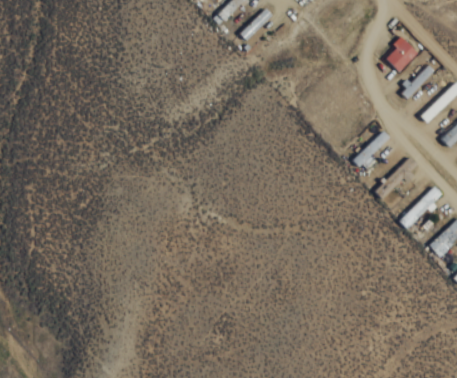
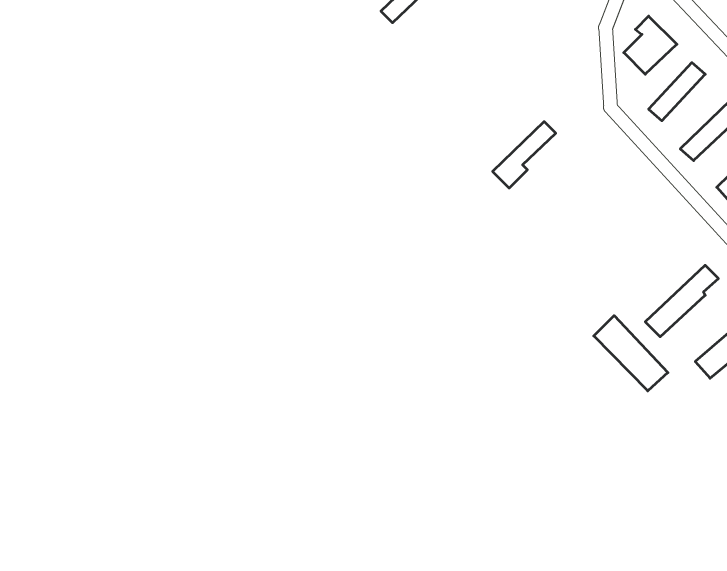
building: [352,130,390,170] -> [493,122,556,188]
building: none -> [594,316,668,391]

